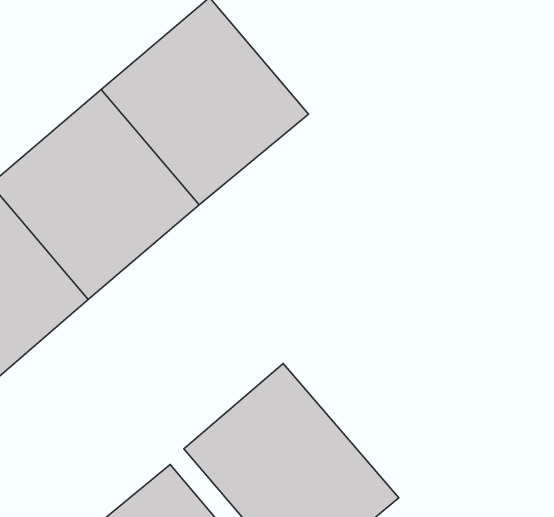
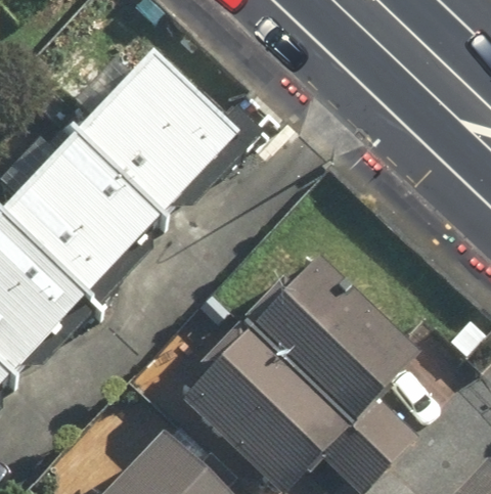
building: none -> [256,254,425,420]

